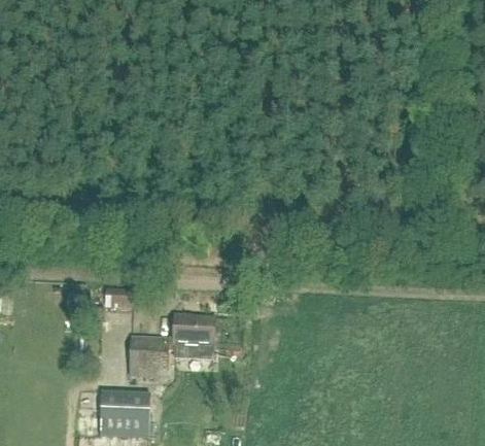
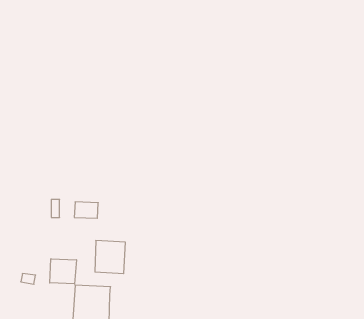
building: [173,315,214,349] -> none
building: none -> [50,259,76,284]

